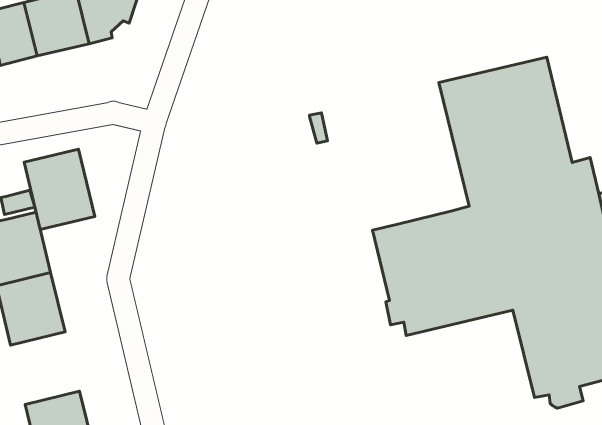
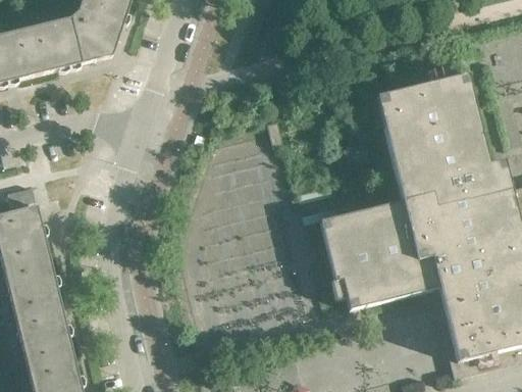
building: [24,149,95,230] -> none
building: none -> [15,305,73,366]

